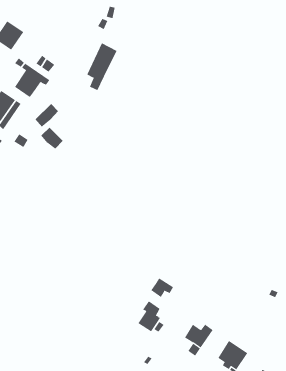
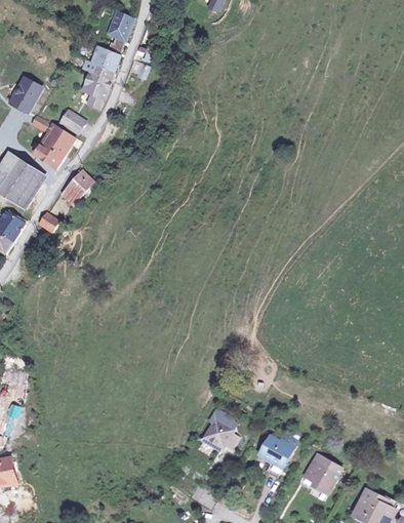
building: [87,42,118,91] -> [82,47,119,108]
building: [41,127,63,150] -> none
building: [150,277,174,298] -> none

